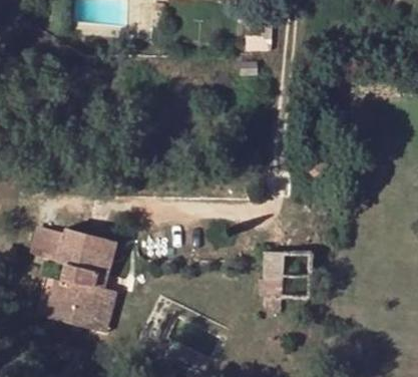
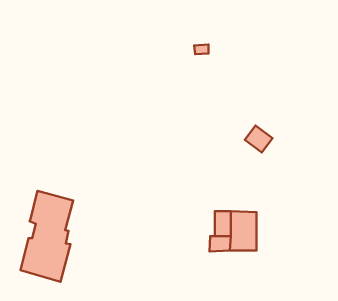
building: [27,225,63,259] -> none
building: [90,238,117,333] -> none

